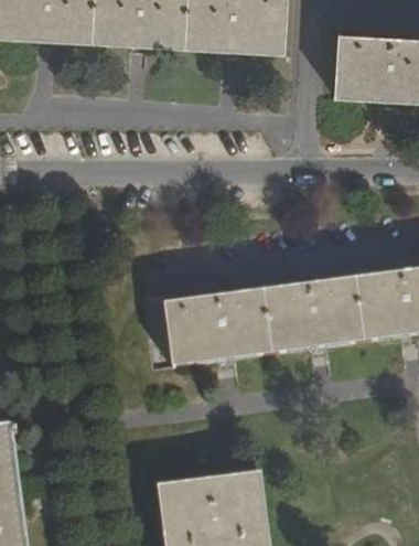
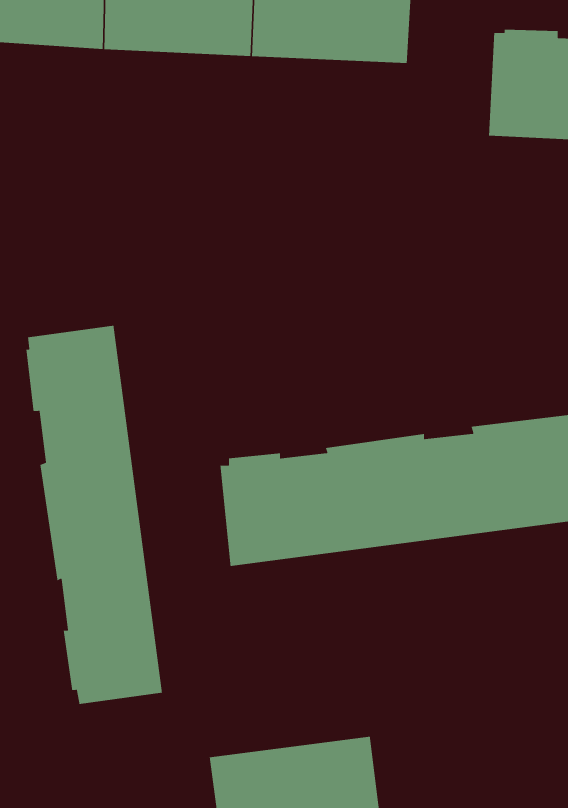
building: none -> [25,325,163,705]

